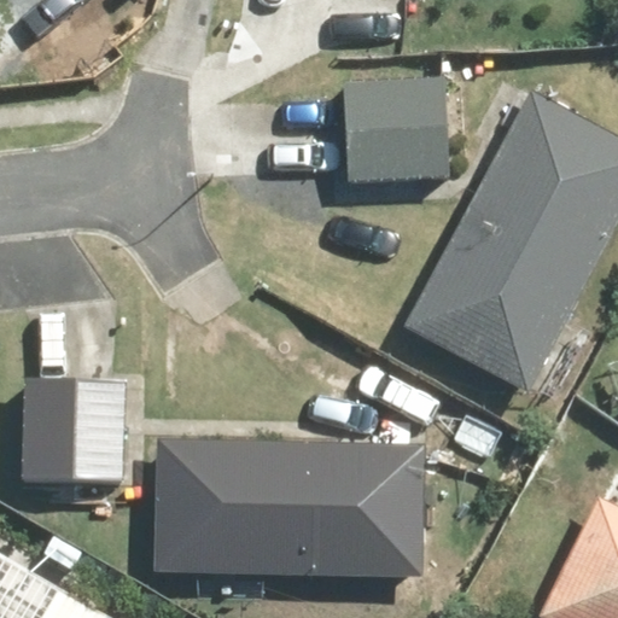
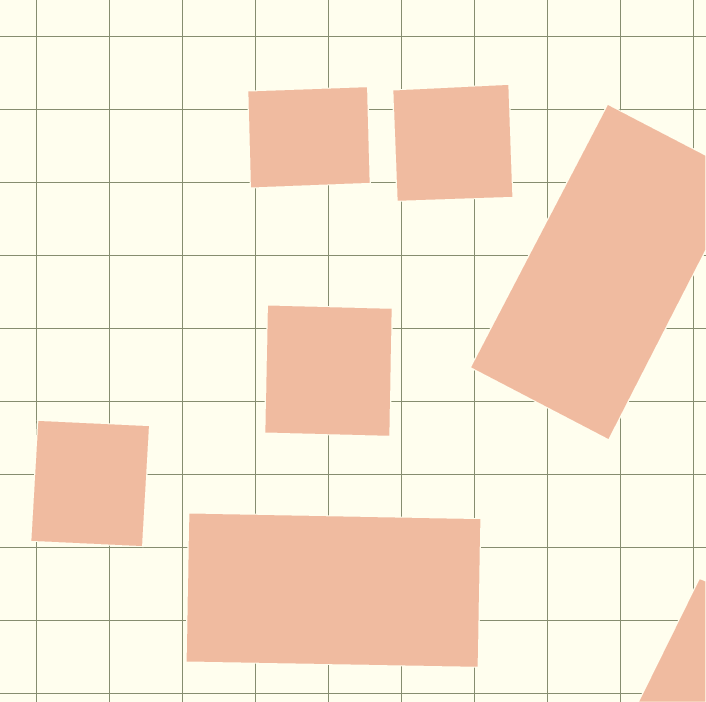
building: none -> [248,86,370,188]
building: none -> [265,305,392,436]

